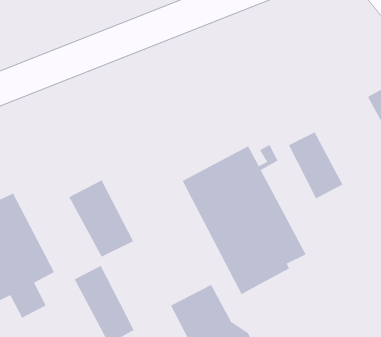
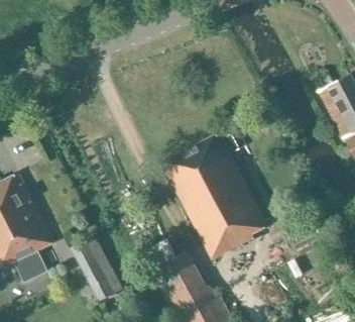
building: [288,131,343,199] -> none
building: [69,180,134,258] -> none

